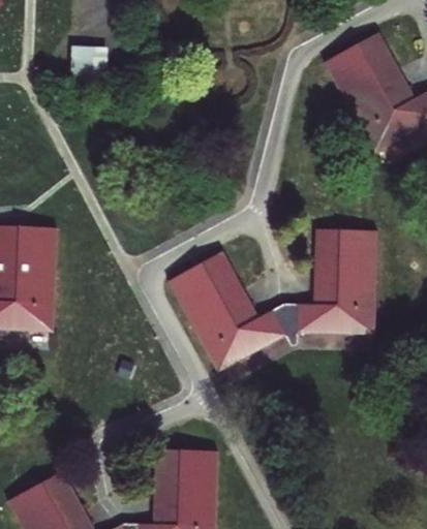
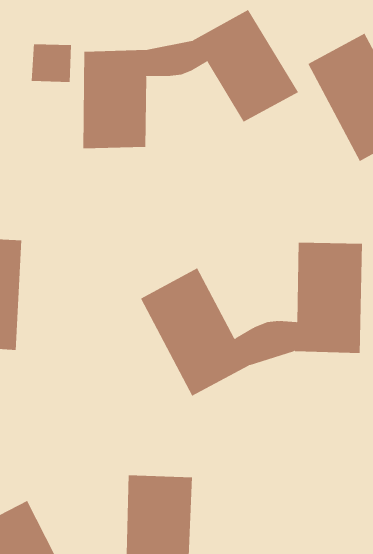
building: none -> [83,9,299,149]

